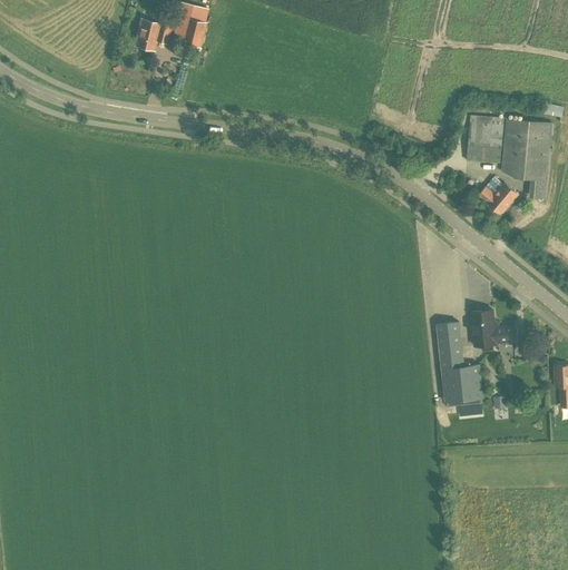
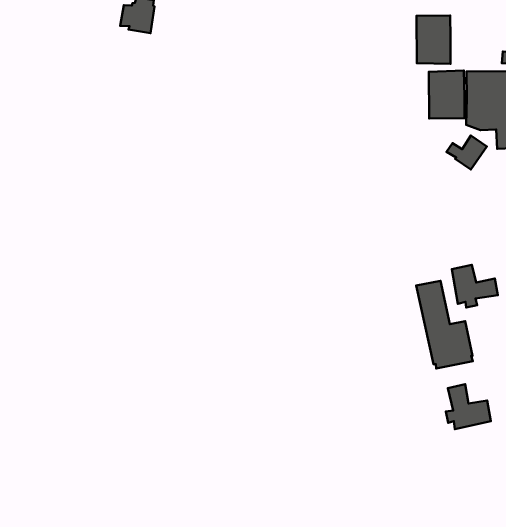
building: [135,19,173,50] -> none
building: none -> [416,16,451,64]
building: none -> [446,384,491,429]

